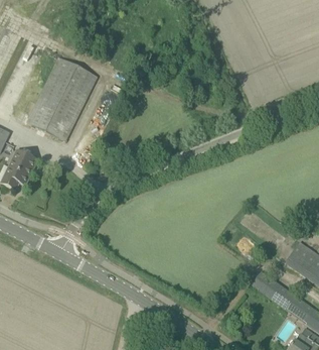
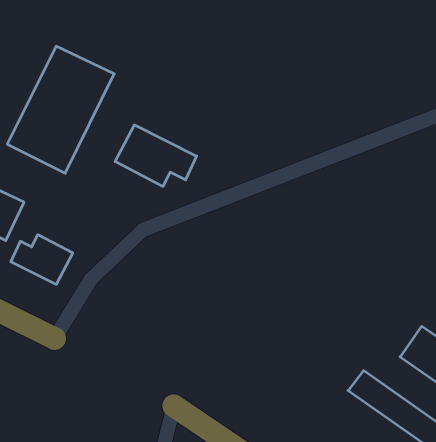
building: none -> [115,125,197,186]
building: none -> [11,235,73,284]

